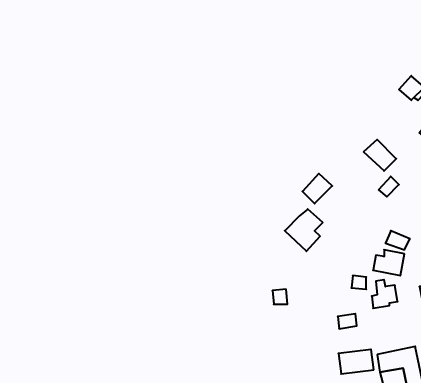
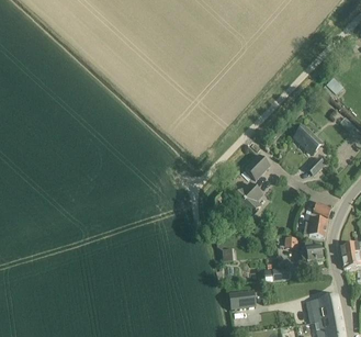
building: [338,349,374,374] -> [228,290,257,310]

